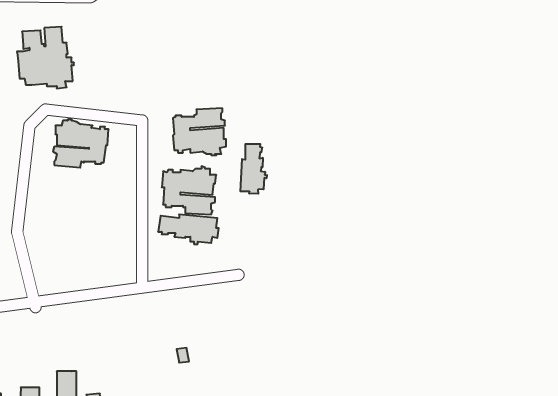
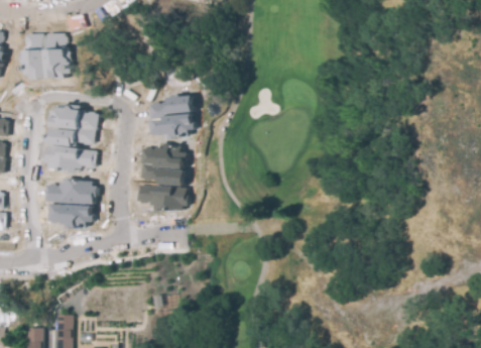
building: [240,144,267,194] -> none
building: none -> [44,146,94,170]
building: none -> [45,180,96,226]

